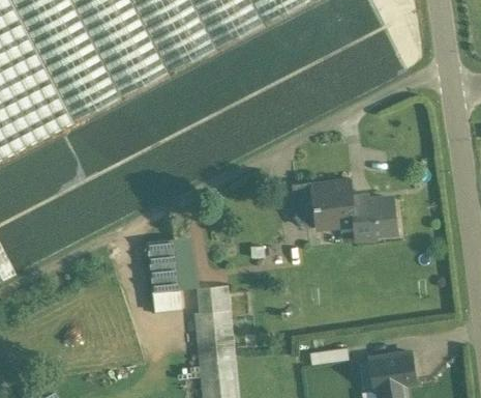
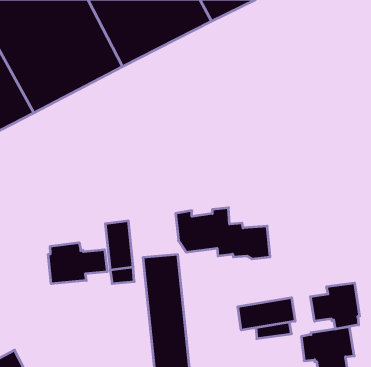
building: [293,178,394,233] -> [176,208,270,259]
building: none -> [48,243,107,284]
building: none -> [310,283,360,329]
building: none -> [238,298,295,330]

